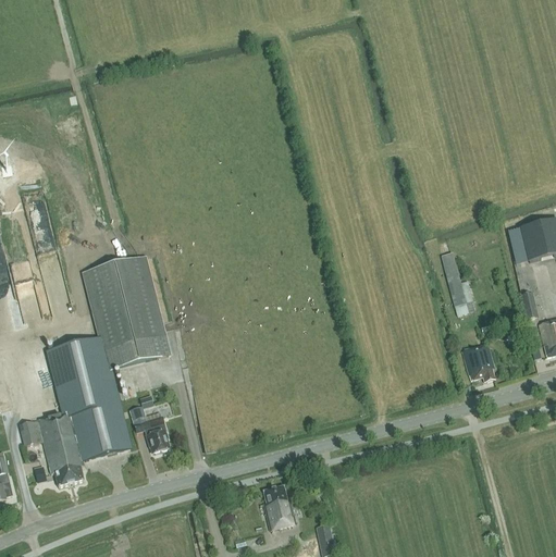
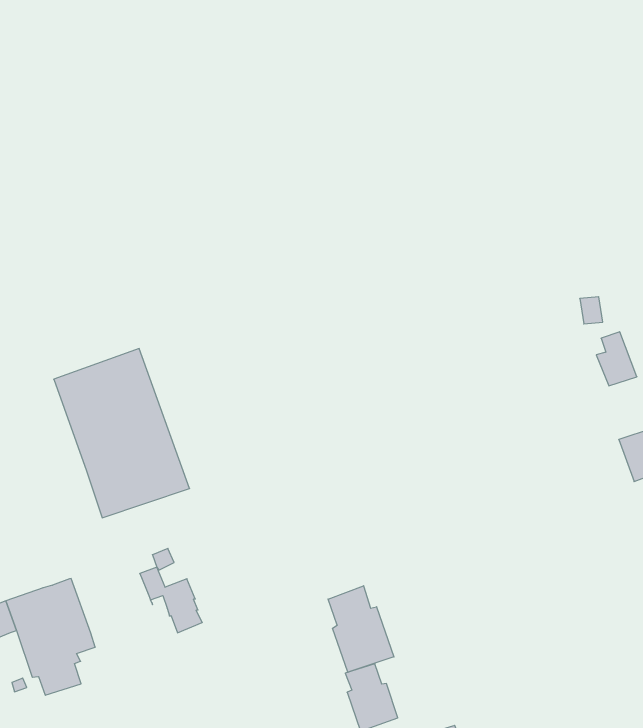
building: [47,335,128,455] -> none
building: none -> [328,586,394,672]

